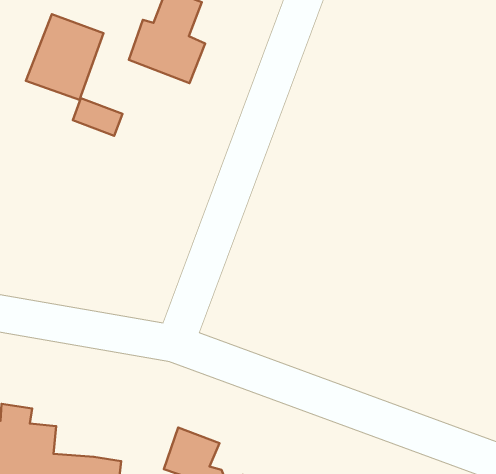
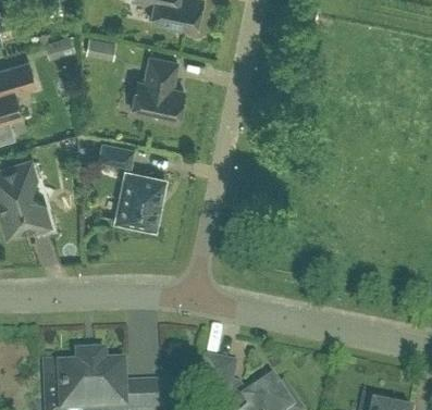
building: [26,14,104,100] -> [114,166,163,223]

